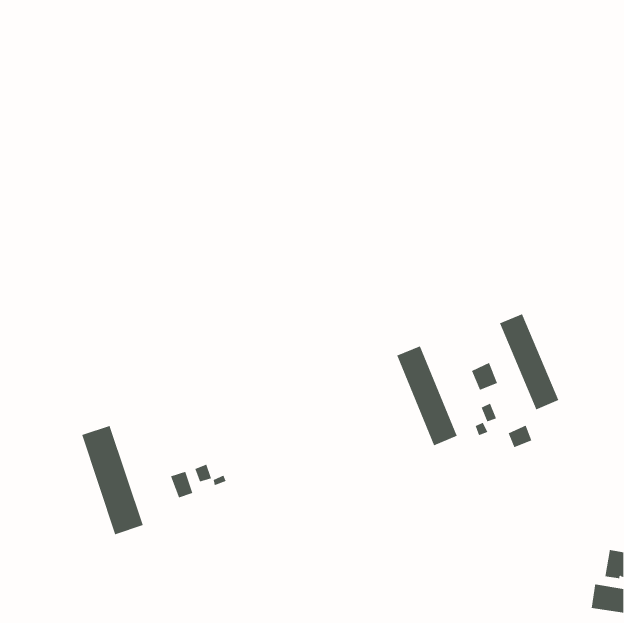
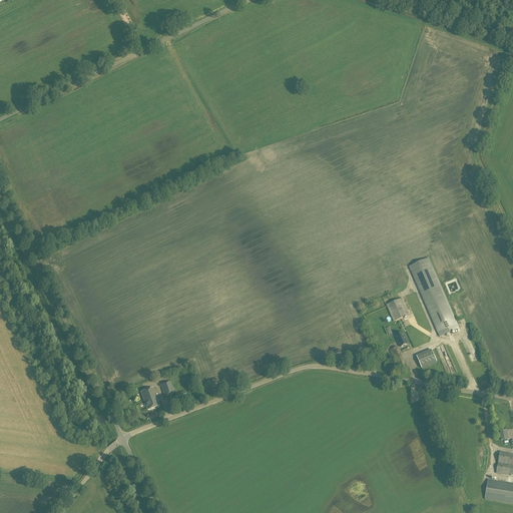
building: [396,345,457,446] -> none
building: [81,425,143,535] -> none

